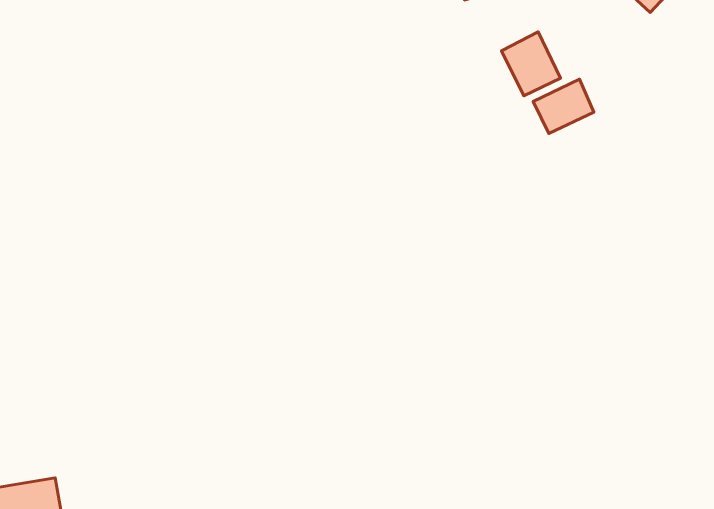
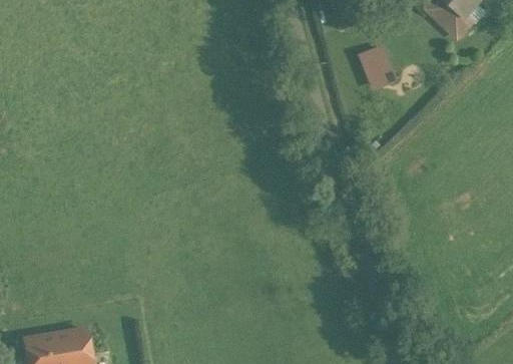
building: [533,79,594,133] -> none

